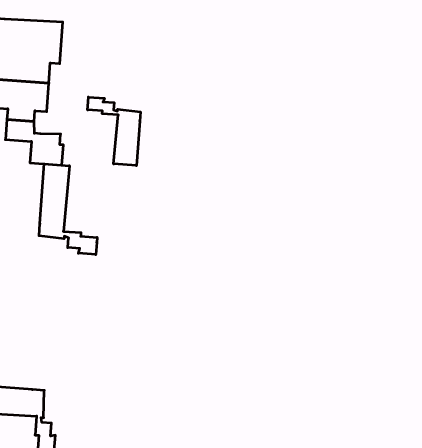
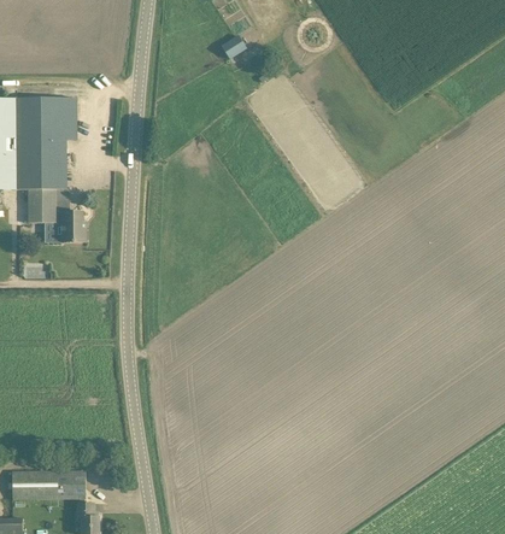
building: [88,97,140,166] -> none
building: [39,164,97,255] -> none

